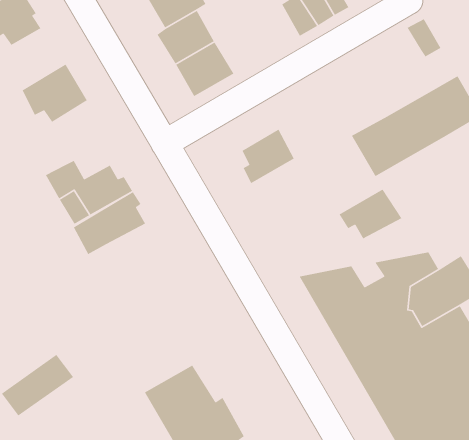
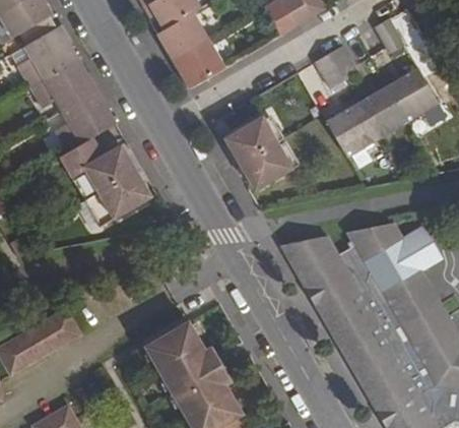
building: none -> [24,26,76,81]
building: none -> [314,45,358,88]
building: none -> [62,90,115,146]
building: [339,188,403,240] -> [238,141,293,186]

